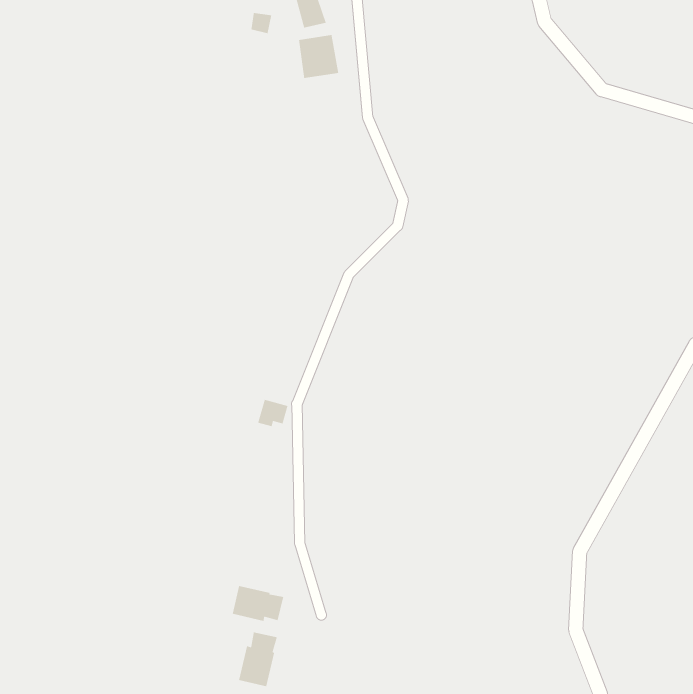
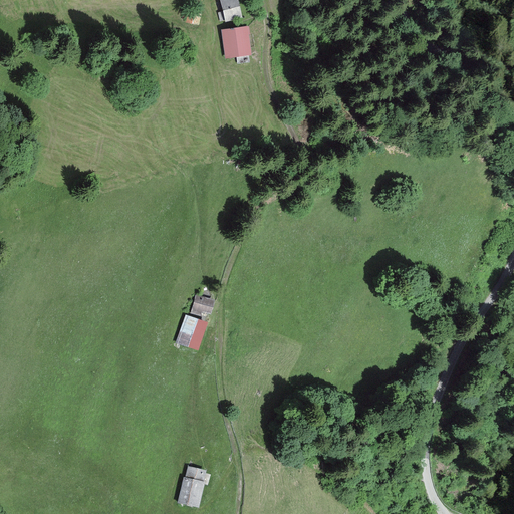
building: none -> [176,314,208,350]
building: [232,585,284,622] -> none

